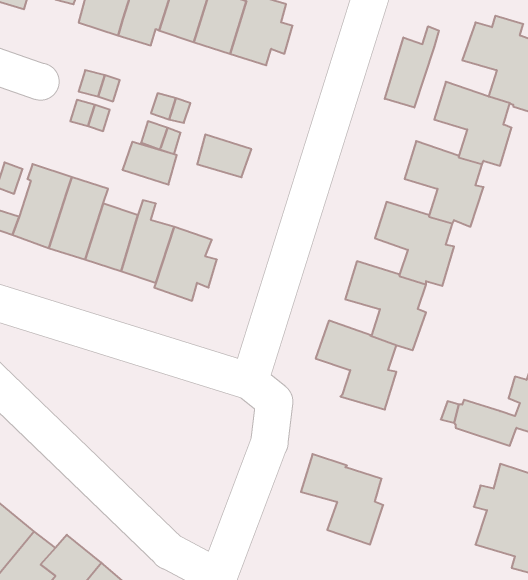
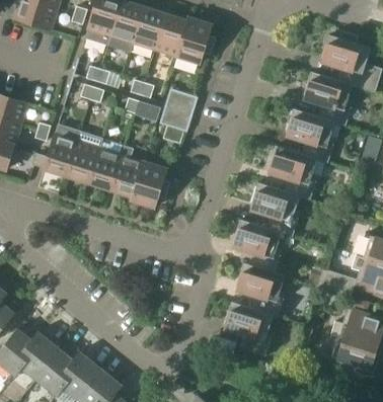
building: [385,26,439,108] -> none
building: [122,142,177,185] -> [163,88,197,114]
building: none -> [234,263,285,319]

